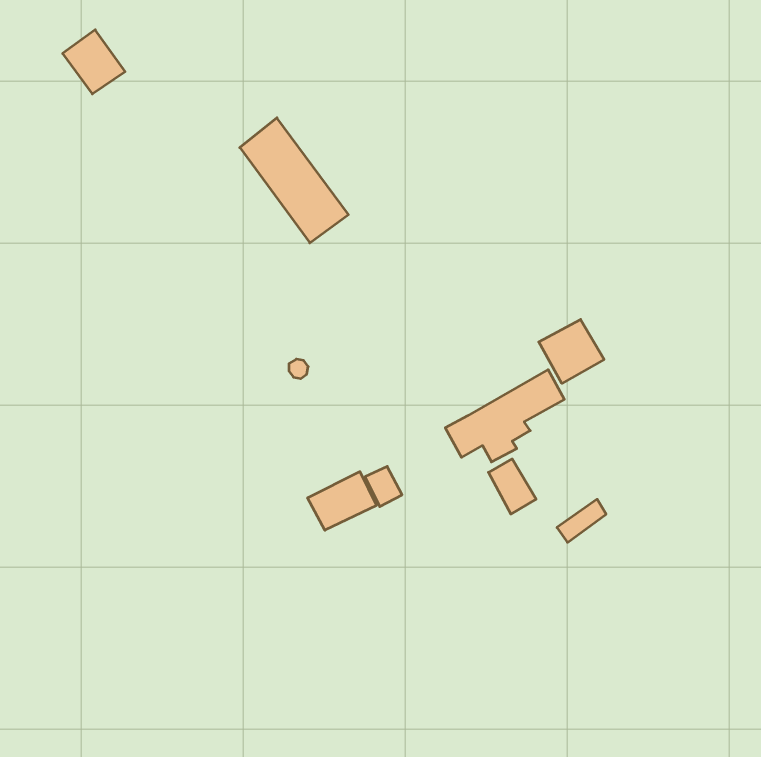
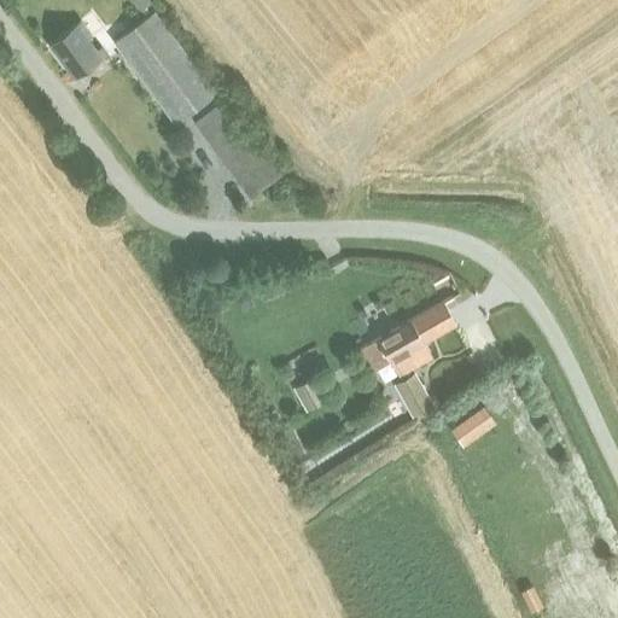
building: none -> [115,12,216,126]
building: [539,319,604,383] -> none
building: [308,472,376,530] -> none

